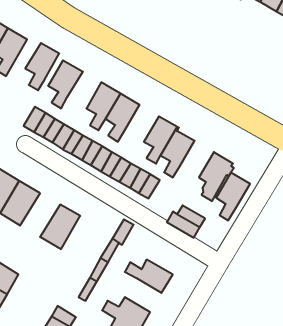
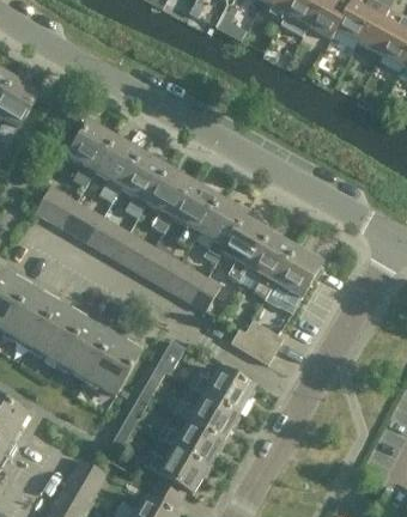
building: [25,43,59,90] -> [93,136,140,201]
building: none -> [172,182,219,248]
building: [216,172,250,220] -> [248,231,294,297]
building: none -> [29,303,84,363]
building: none -> [85,334,140,396]
building: none -> [188,366,254,414]
building: none -> [157,419,223,466]

